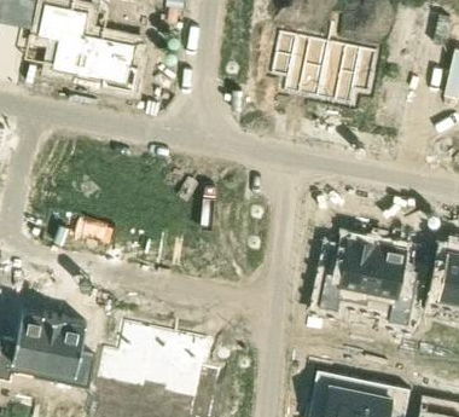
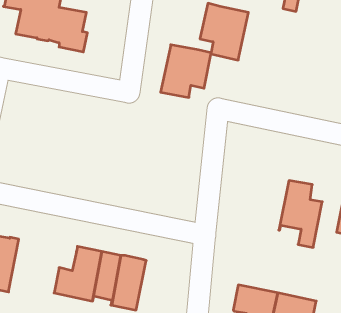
building: [316,44,377,106] -> [161,45,211,97]
building: [319,238,377,309] -> none
building: [42,314,95,387] -> none

